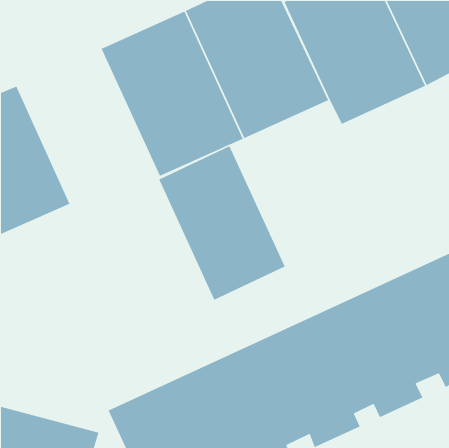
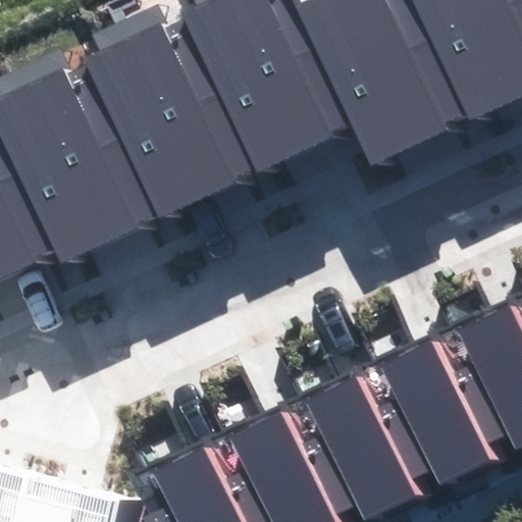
building: none -> [20,58,186,252]
building: [158,145,286,301] -> none

